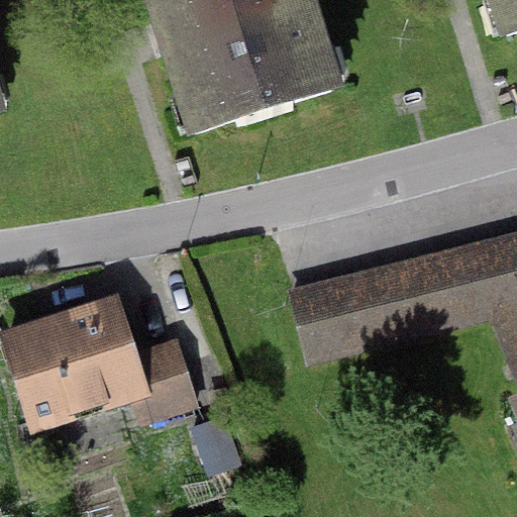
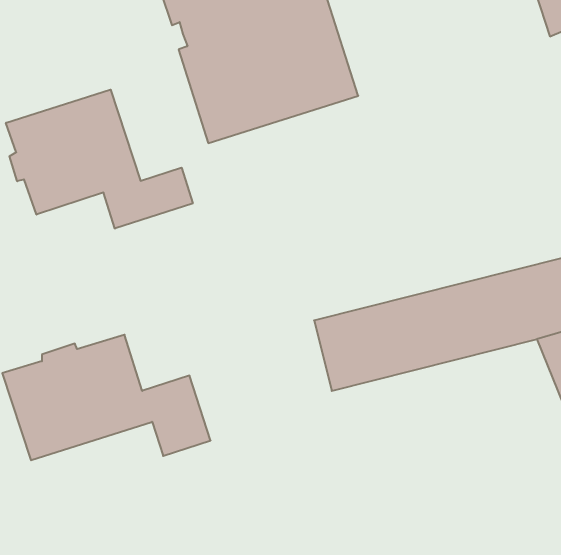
building: none -> [6,90,193,229]

